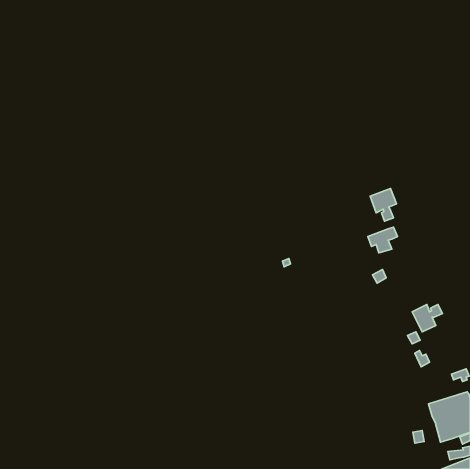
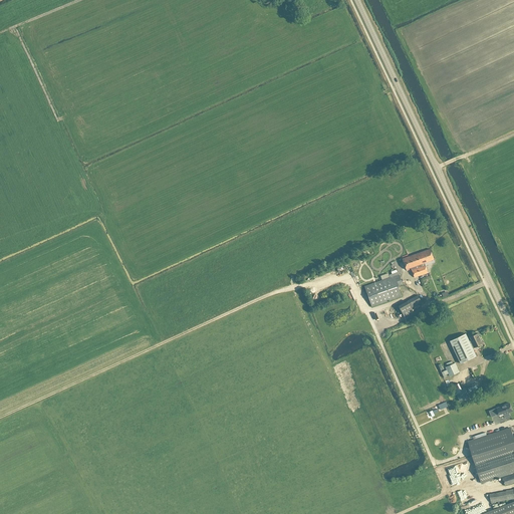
building: [370,189,397,221] -> none
building: none -> [364,274,403,306]

